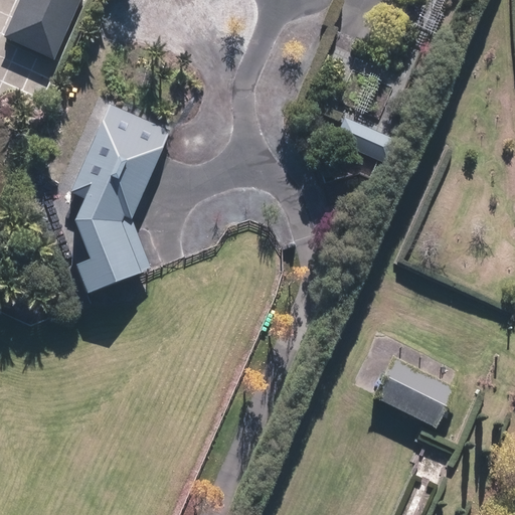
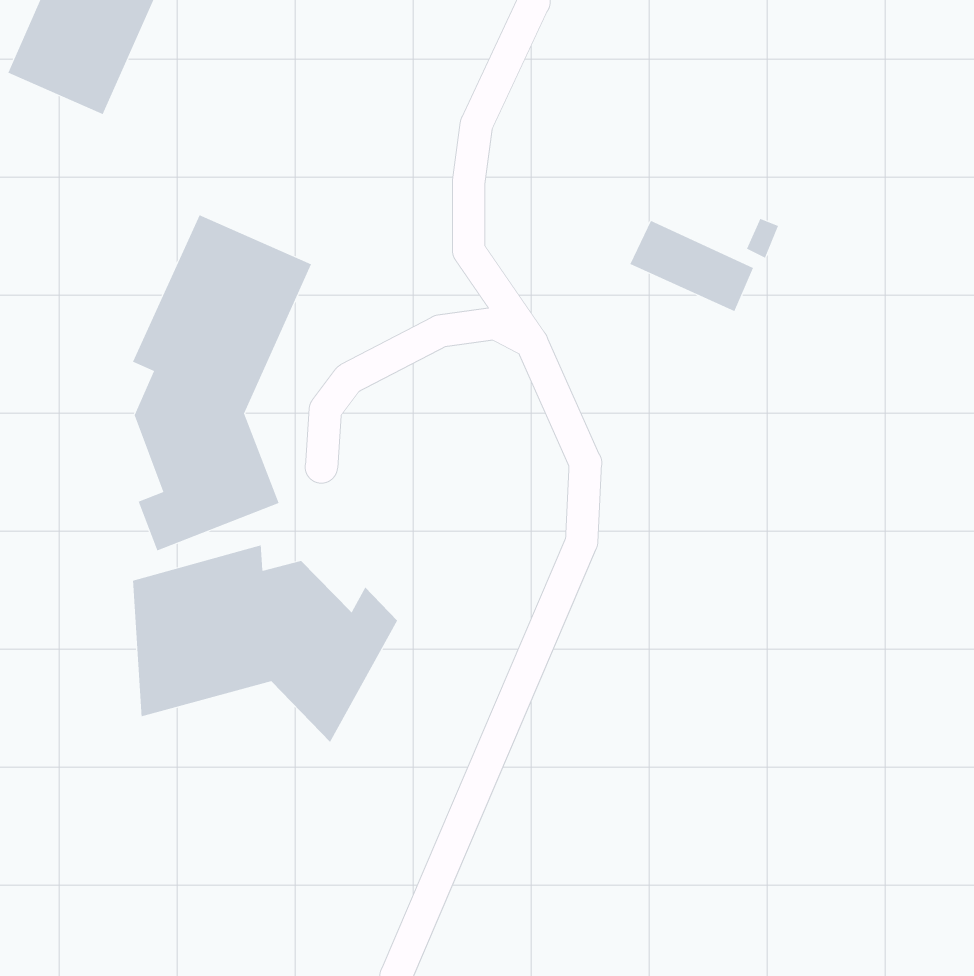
building: none -> [133,544,398,743]
building: [373,356,456,427] -> none

